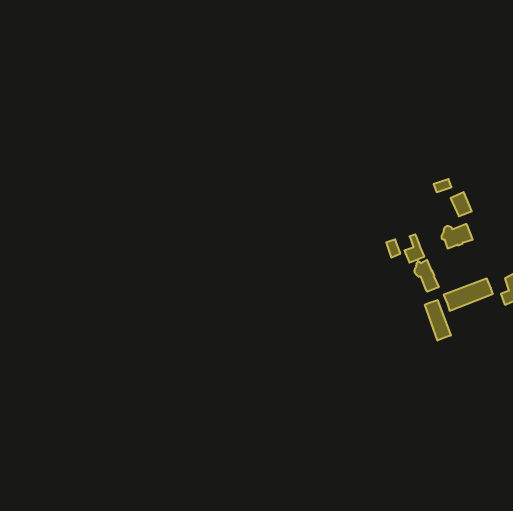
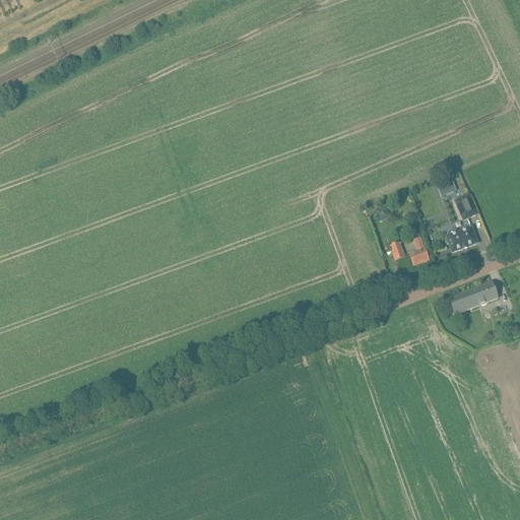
building: [415,260,439,292] -> none
building: [425,300,451,341] -> none

